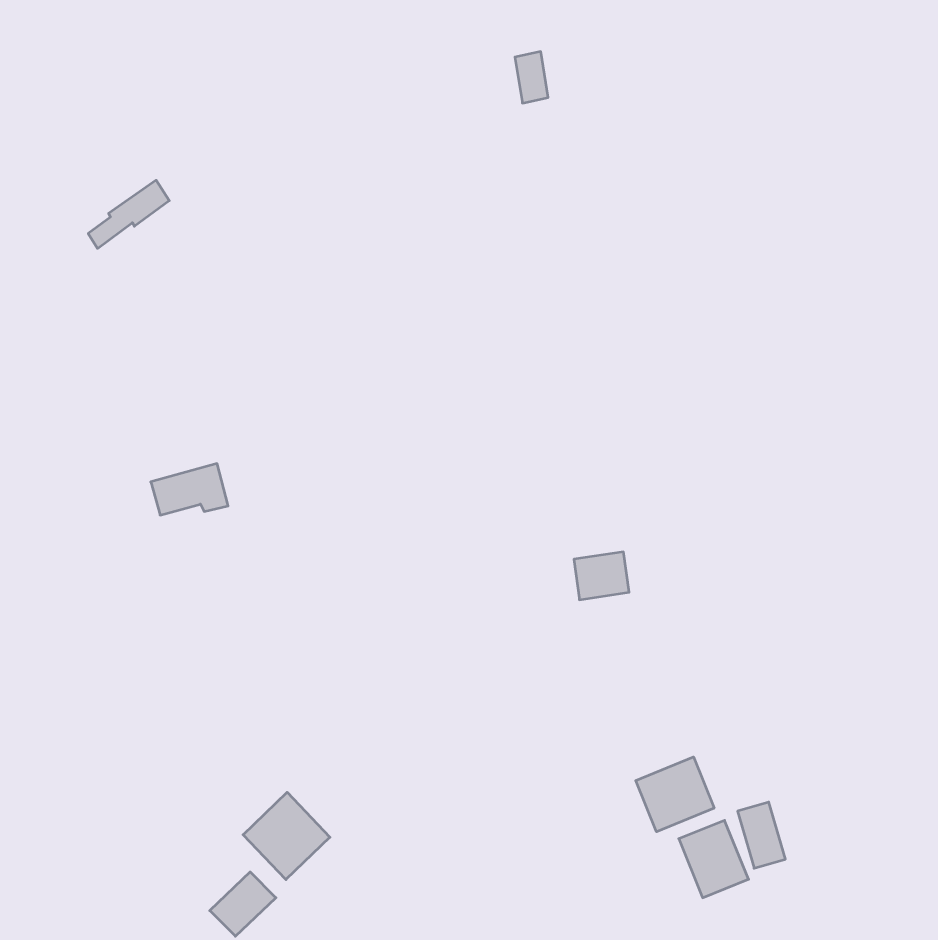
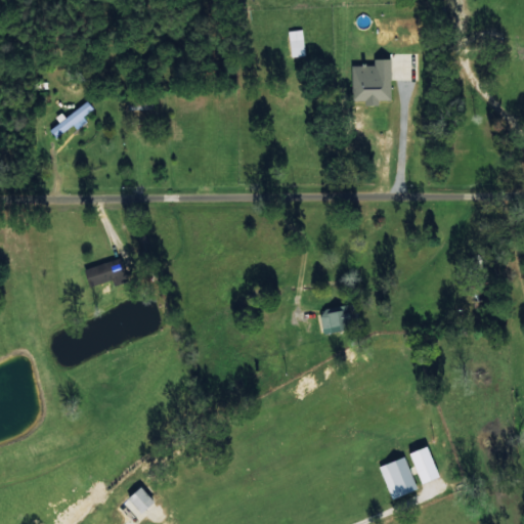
building: none -> [351,58,392,104]
building: [636,757,714,832] -> none
building: [243,792,330,880] -> none

